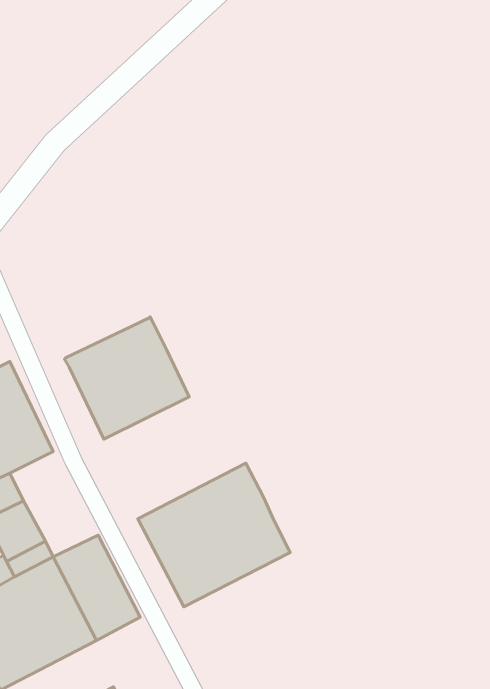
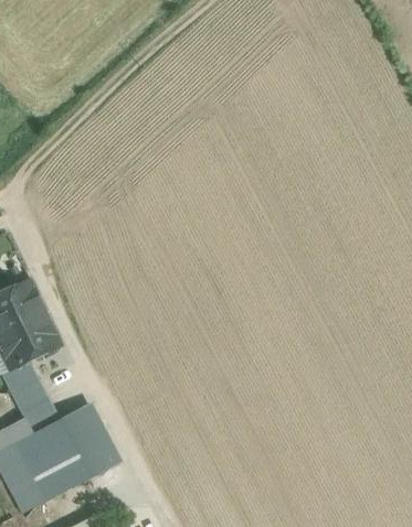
building: [65,317,189,439] -> none
building: [138,463,290,607] -> none

